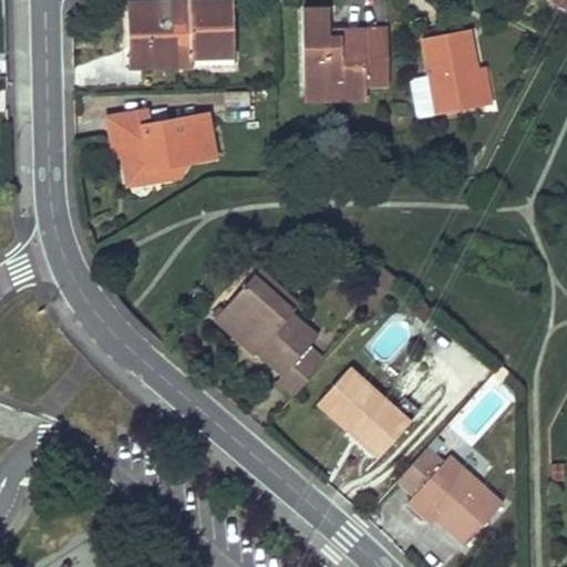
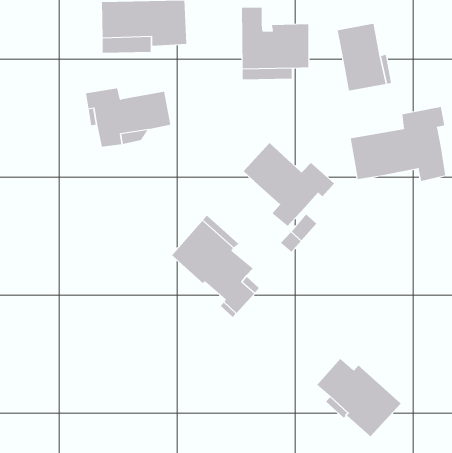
building: none -> [350,106,446,182]
building: none -> [243,142,335,227]
building: [318,367,410,457] -> none

